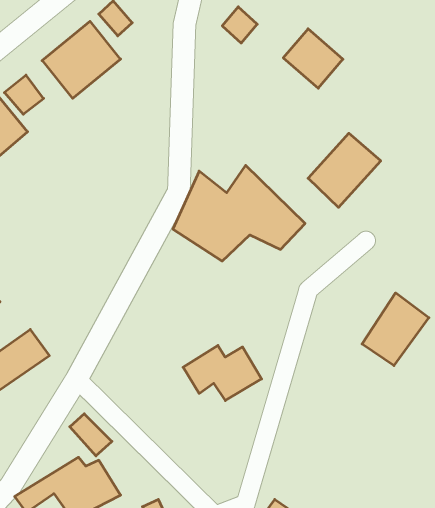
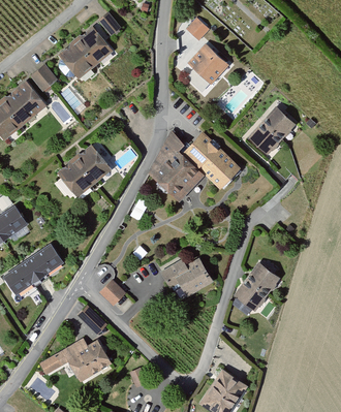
building: [283,29,343,88] -> [187,43,229,86]
building: none -> [57,145,112,197]
building: [362,293,429,366] -> [234,260,281,312]
building: none -> [98,278,126,306]

